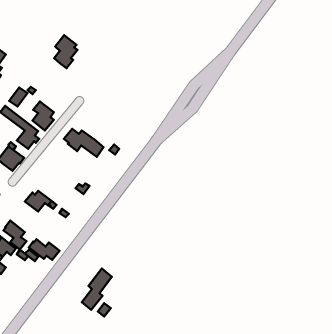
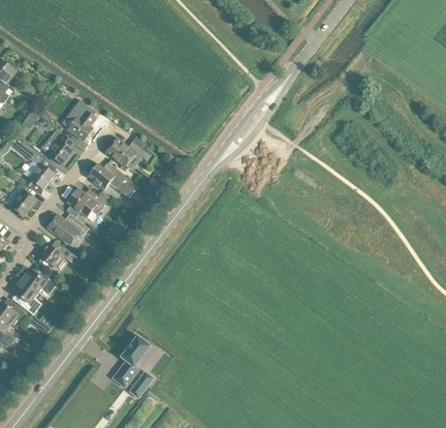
building: [54,35,77,68] -> [67,99,96,141]
building: none -> [105,137,150,166]
building: none -> [66,188,107,217]
building: none -> [47,215,89,244]
building: [29,239,60,260] -> [20,268,58,294]

